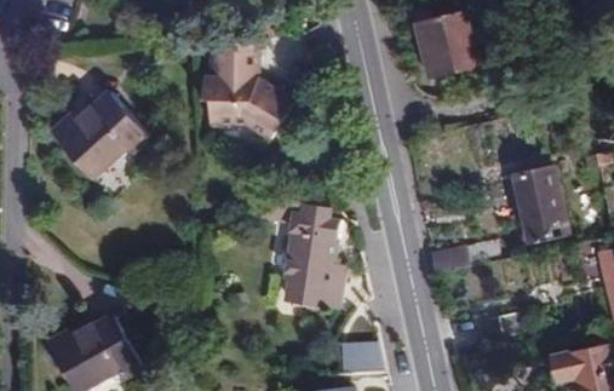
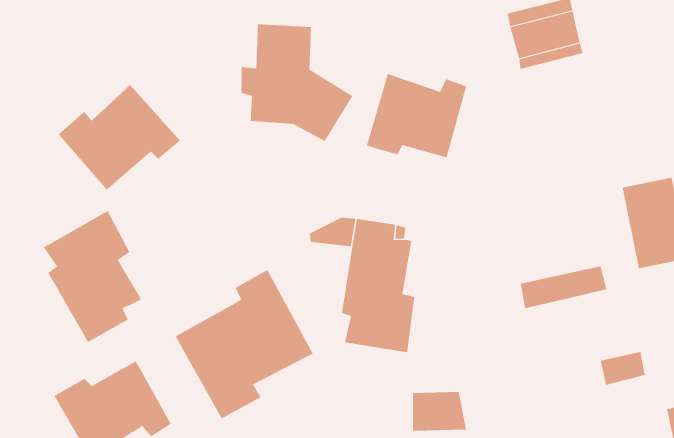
building: none -> [366,73,467,158]
building: none -> [43,210,142,343]
building: none -> [175,269,313,419]

